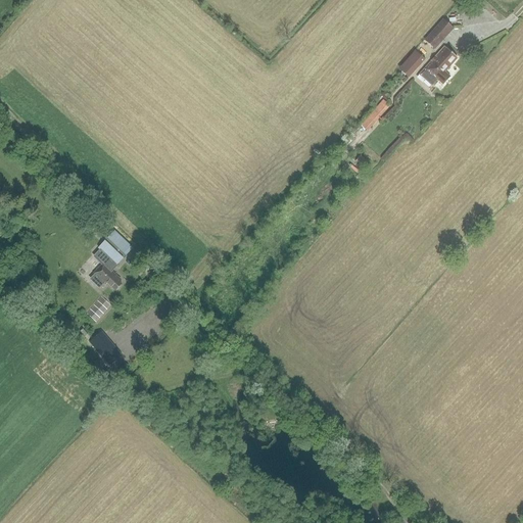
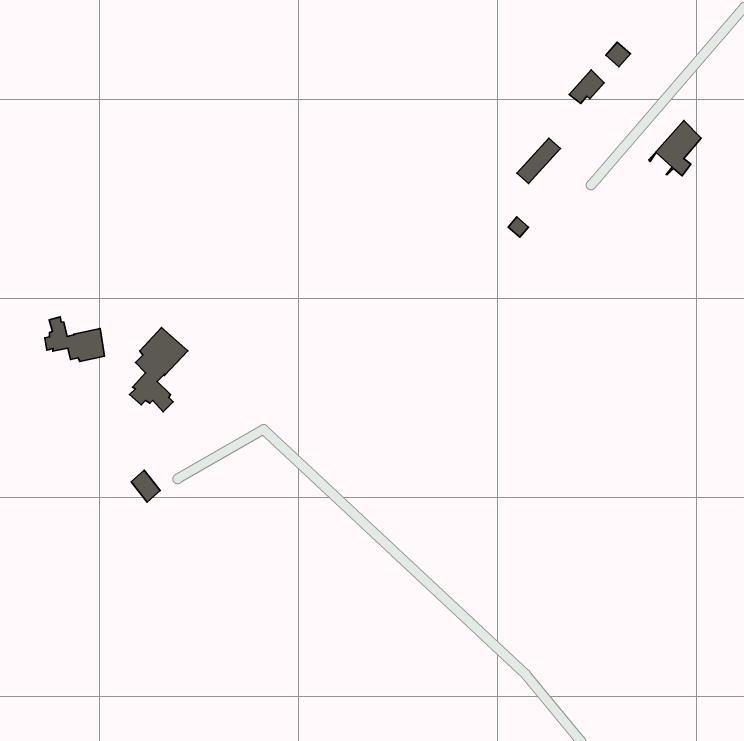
building: [420,44,457,83] -> [649,121,701,176]
building: none -> [45,317,105,362]

